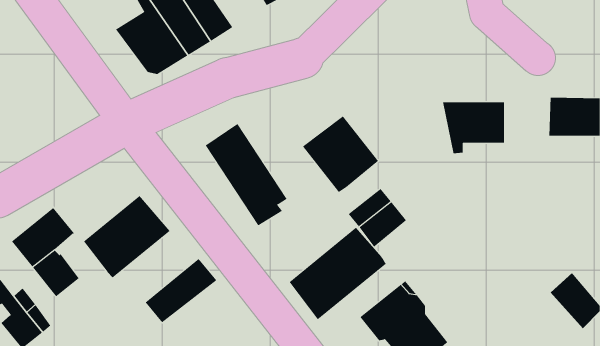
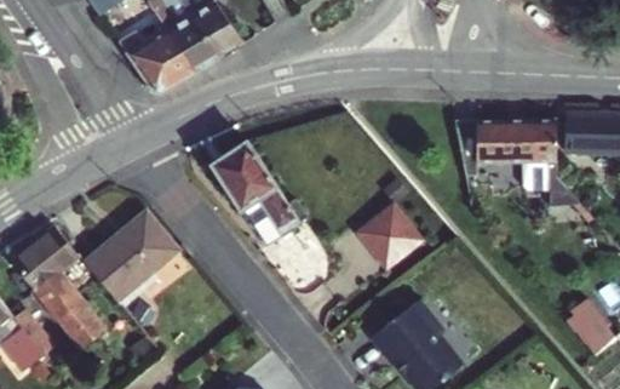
building: none -> [518,118,555,181]
building: [302,115,379,193] -> none
building: [289,227,387,320] -> none
building: [145,258,217,323] -> none
building: none -> [58,298,105,347]

